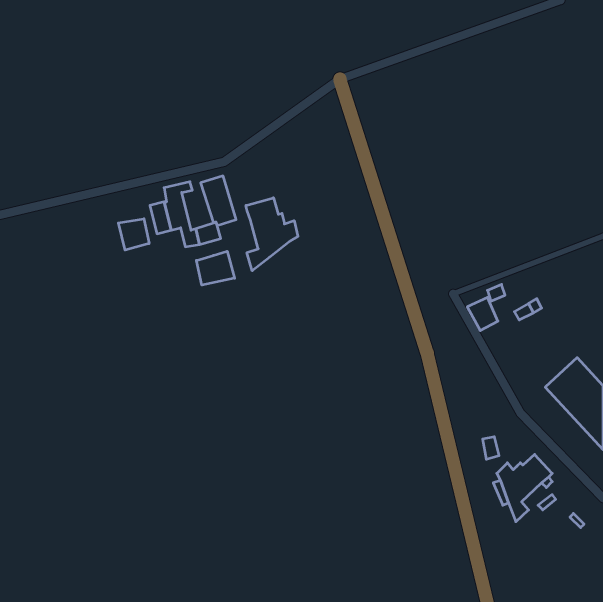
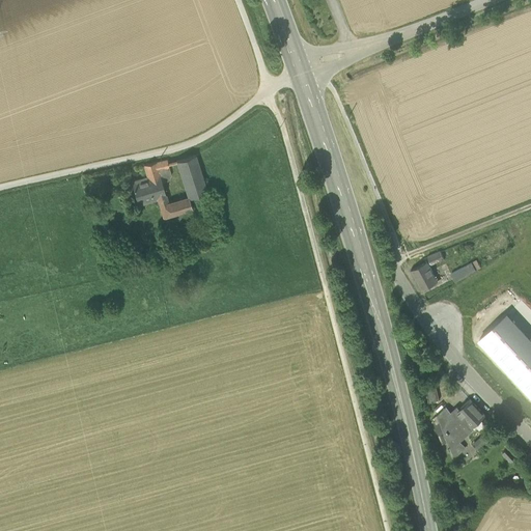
building: [246,198,298,271] -> none
building: [118,219,149,250] -> none
building: [196,251,235,285] -> none

